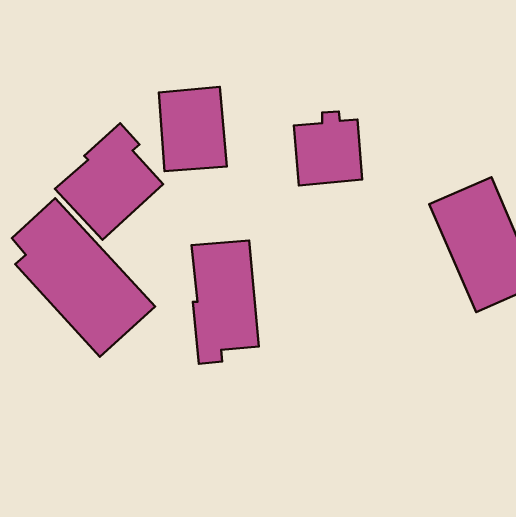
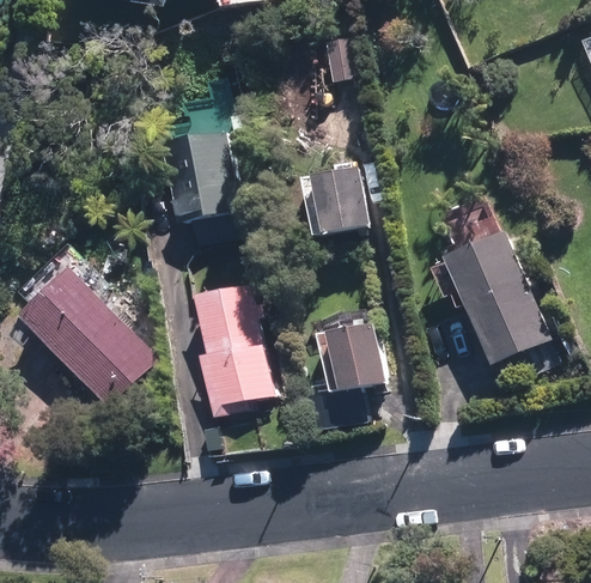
building: [55,123,163,240] -> none
building: none -> [319,322,385,389]

